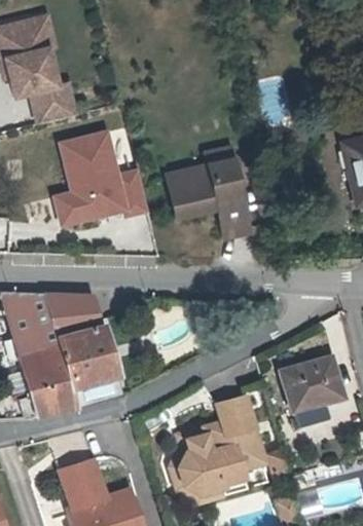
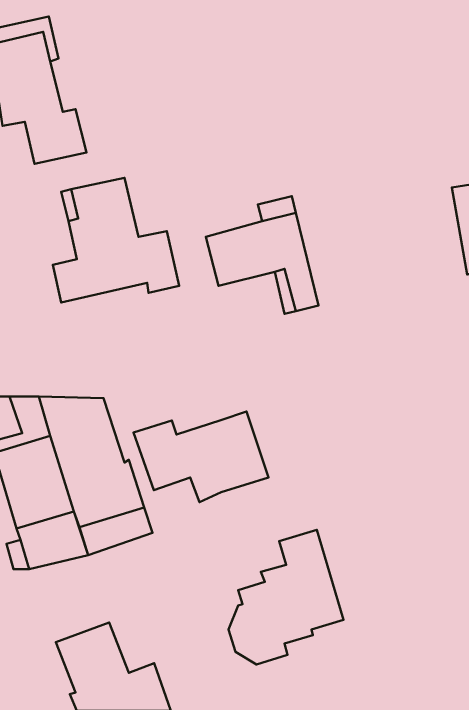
building: none -> [134,411,268,502]
building: [280,352,348,415] -> none
building: [174,421,249,497] -> none

